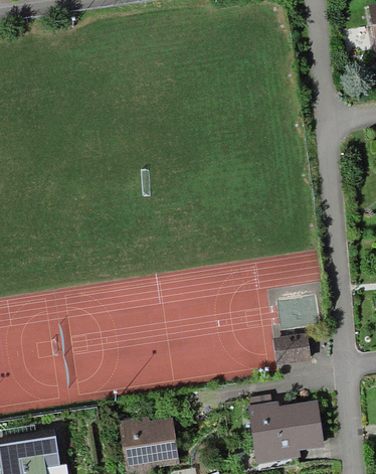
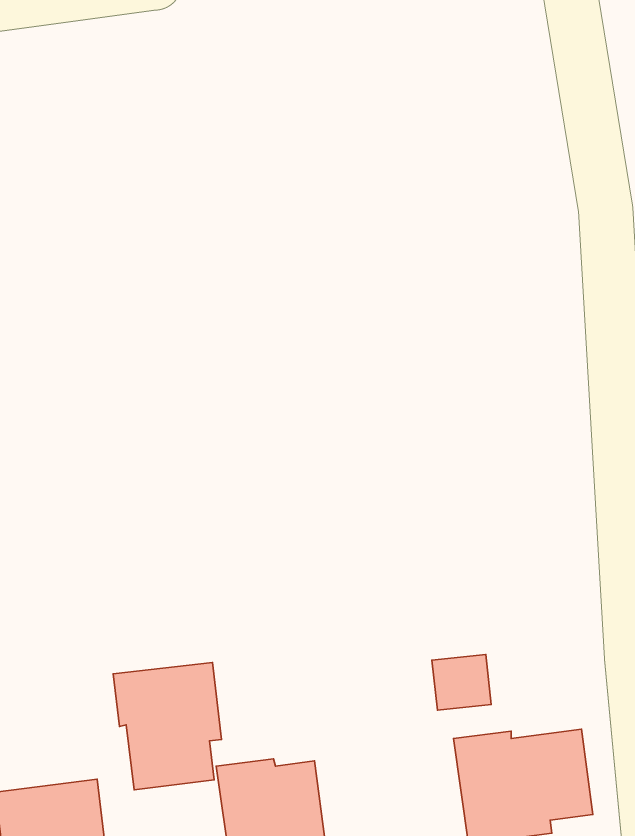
building: [278,334,311,364] -> [432,654,491,710]
building: none -> [113,663,222,790]

